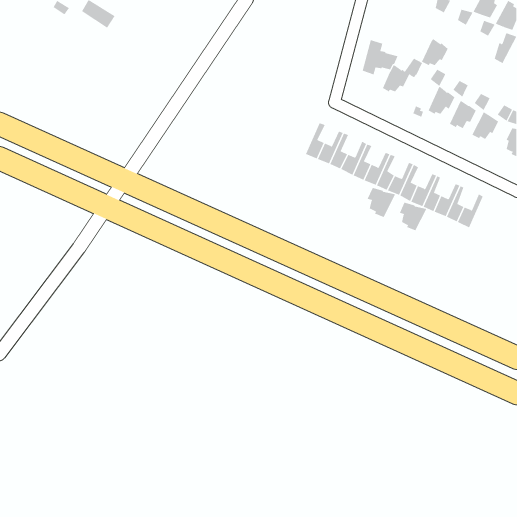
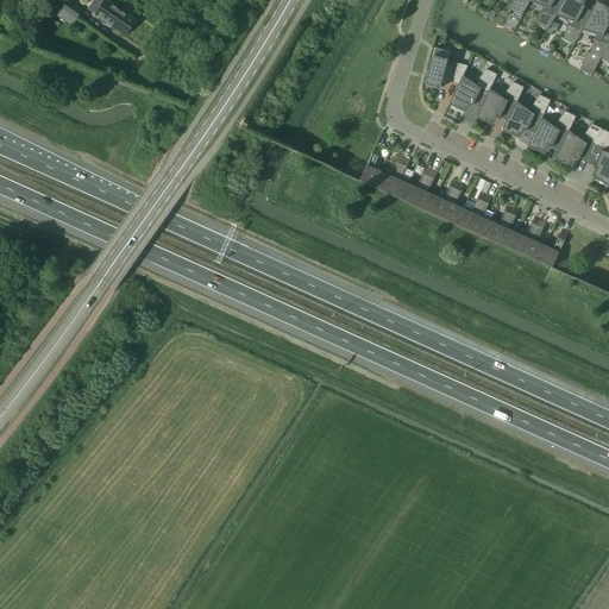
building: [421,38,448,66] -> [475,88,507,121]
building: [367,187,395,218] -> none
building: [399,202,427,231] -> none

